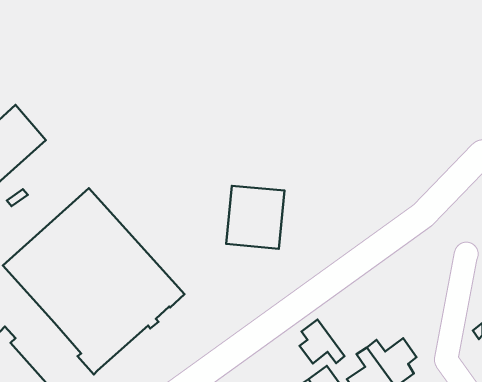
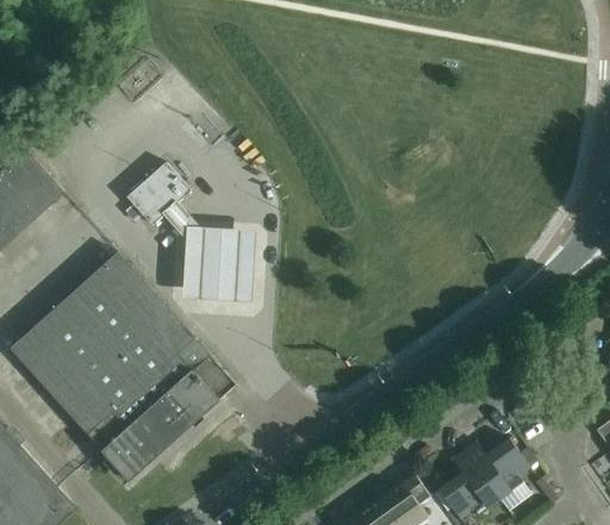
building: none -> [125,163,191,226]
building: [226,186,284,249] -> [180,227,253,306]
building: [300,319,344,363] -> none

